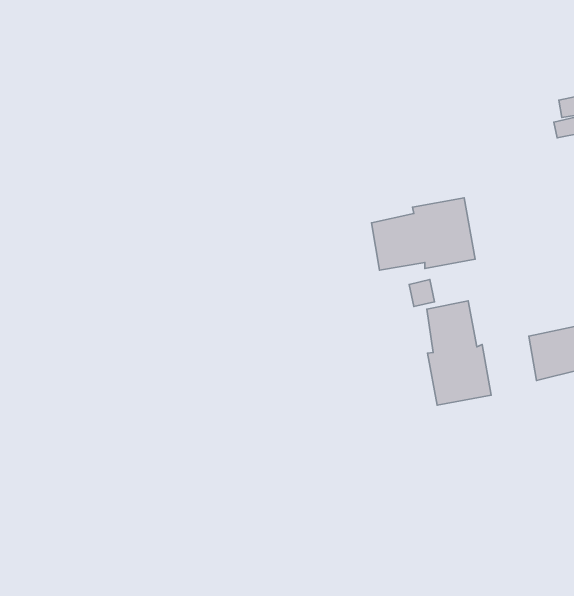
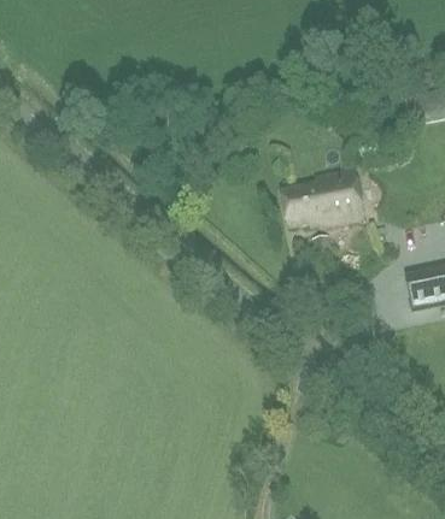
building: [427,301,491,405] -> none

